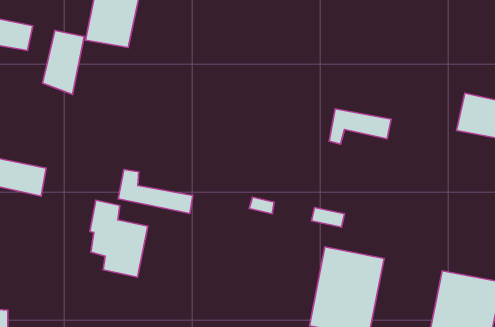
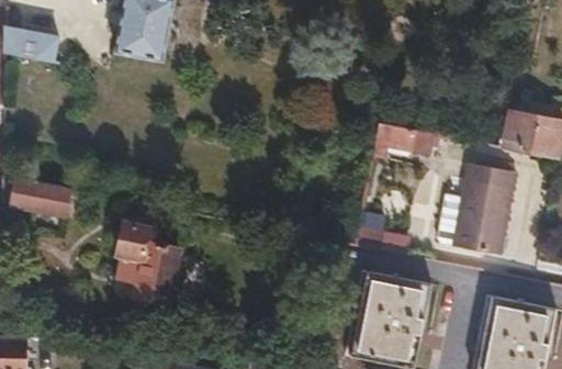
building: [43,31,84,94] -> none
building: none -> [454,163,518,256]
building: [118,170,193,213] -> none

